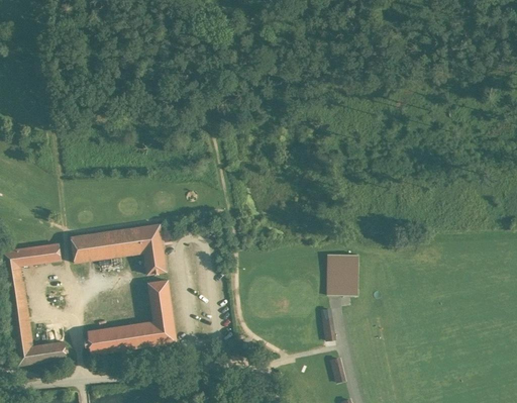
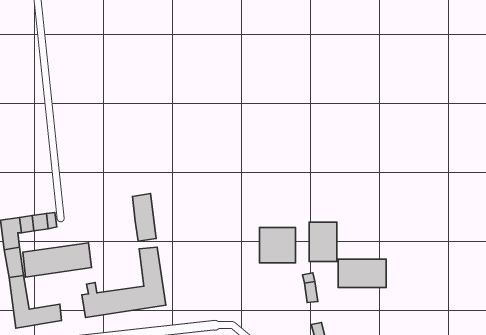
building: [72,226,144,263] -> [23,243,91,277]
building: none -> [260,228,296,263]
building: none -> [338,259,386,288]

